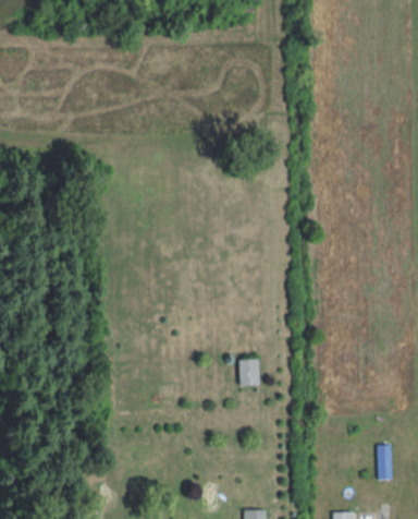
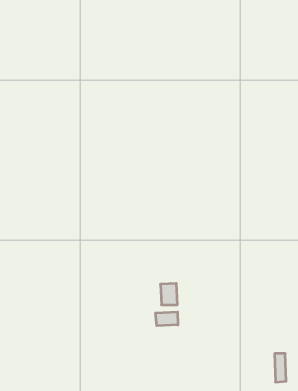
building: none -> [156,312,178,326]

